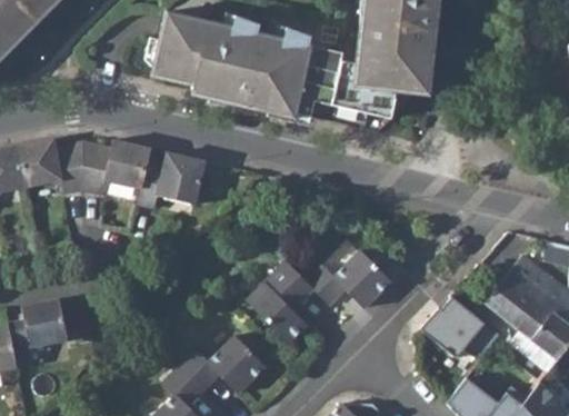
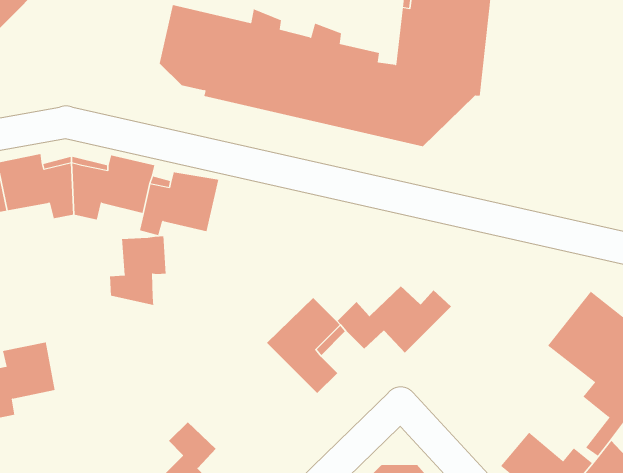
building: none -> [109,235,166,306]
building: [426,296,486,356] -> none
building: [179,335,264,393] -> none

